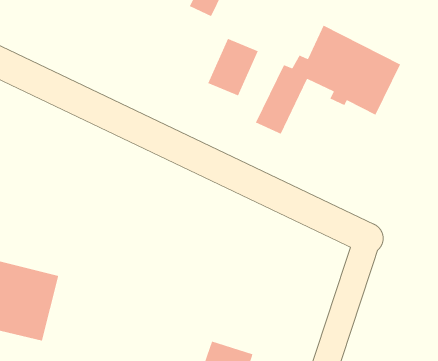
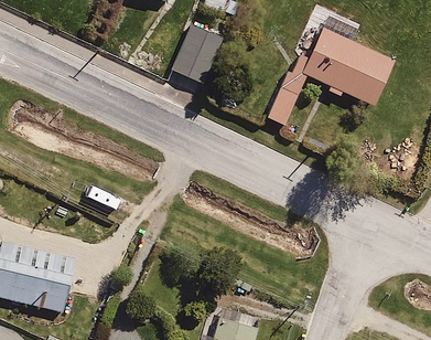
building: [207,38,259,97] -> [175,26,223,81]

